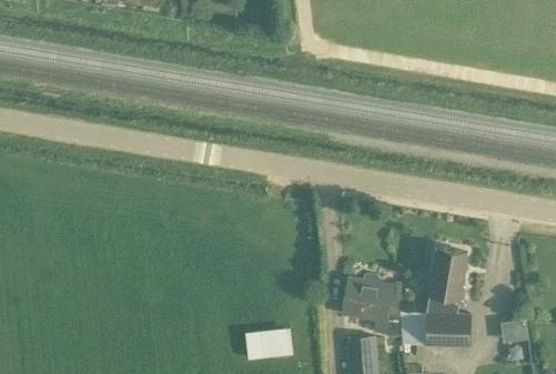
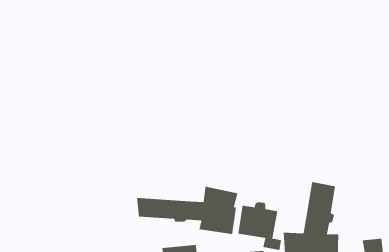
building: none -> [137,186,238,235]

